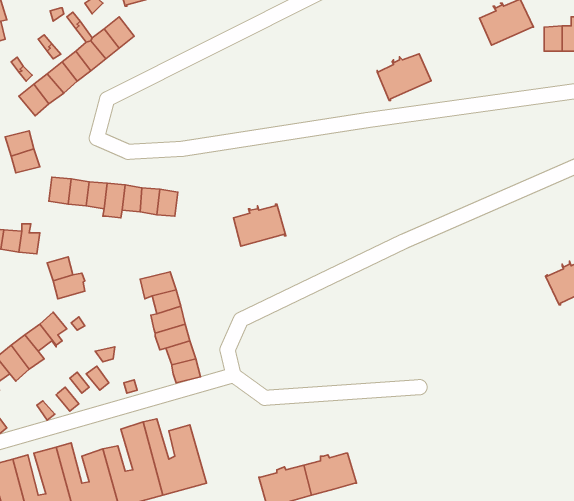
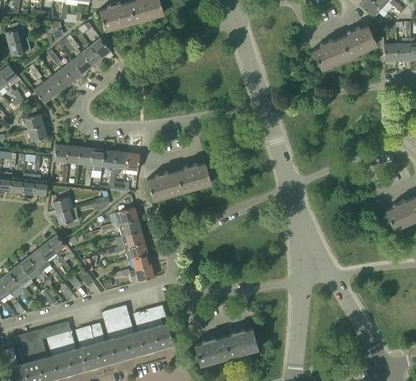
building: [377,54,431,100] -> [312,39,348,70]
building: none -> [146,172,181,200]
building: none -> [147,306,173,349]

